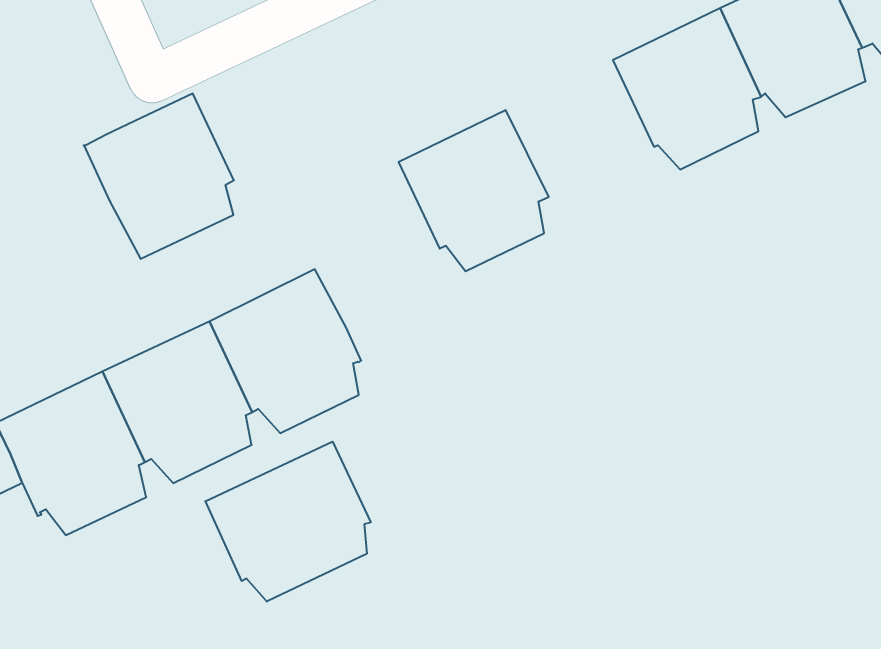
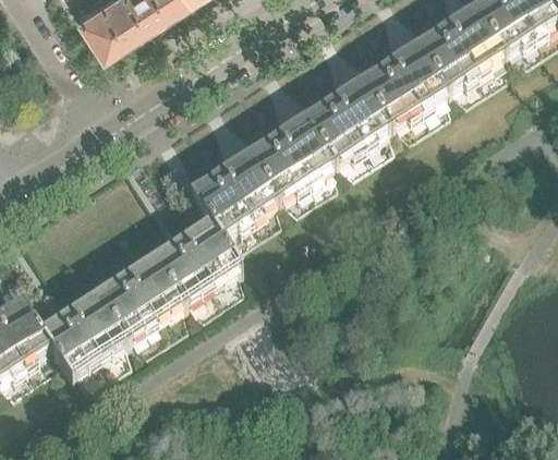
building: none -> [295,80,383,172]
building: [84,94,234,259] -> [181,153,270,250]
building: [205,442,371,602] -> none

